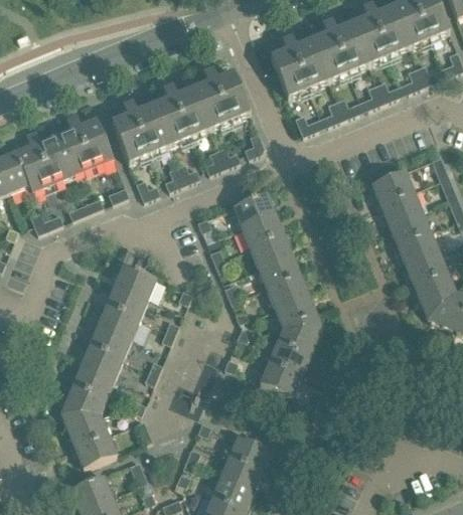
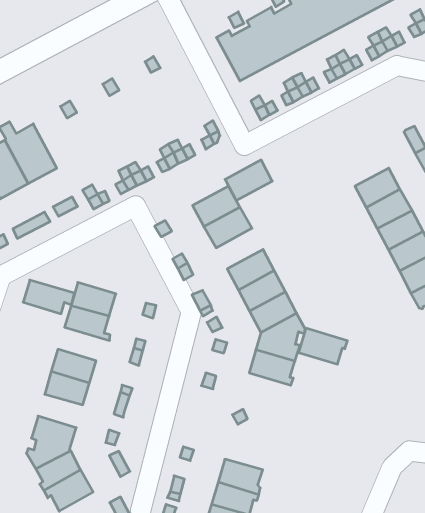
building: [111,70,251,163] -> none
building: [372,170,413,203] -> none
building: [250,231,292,266] -> [225,160,272,201]
building: [98,303,145,336] -> [23,280,75,314]
building: [73,361,115,394] -> none
building: [259,361,304,396] -> [298,328,347,364]

